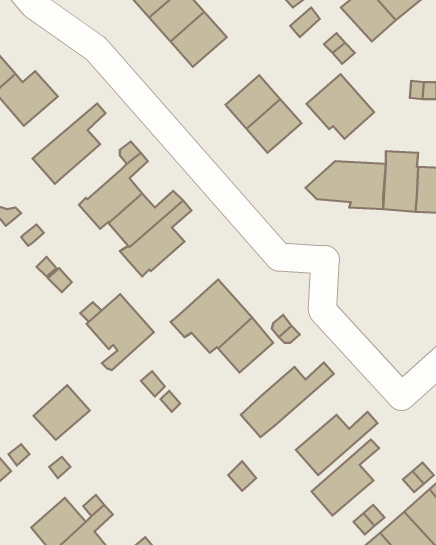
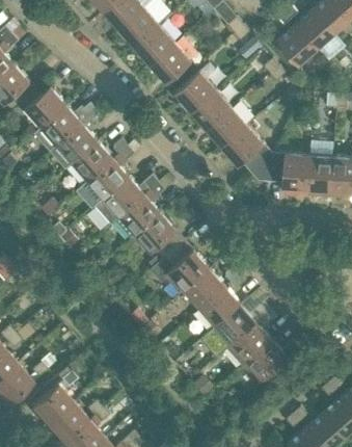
building: none -> [175,72,216,112]
building: [307,74,374,139] -> [222,126,272,174]
building: none -> [34,104,97,152]
building: none -> [74,141,114,182]
building: [86,294,154,370] -> [136,213,186,269]
building: none -> [201,288,242,327]
building: [33,385,90,440] -> [31,384,73,424]
building: [312,440,379,516] -> [227,311,277,367]

